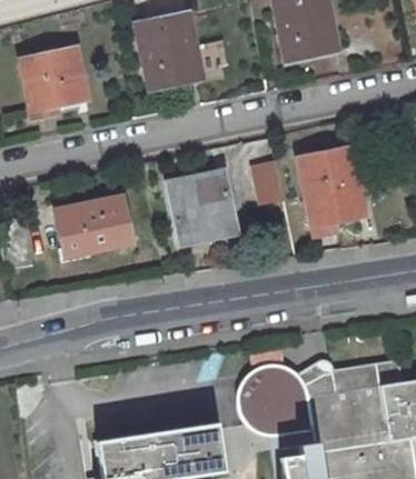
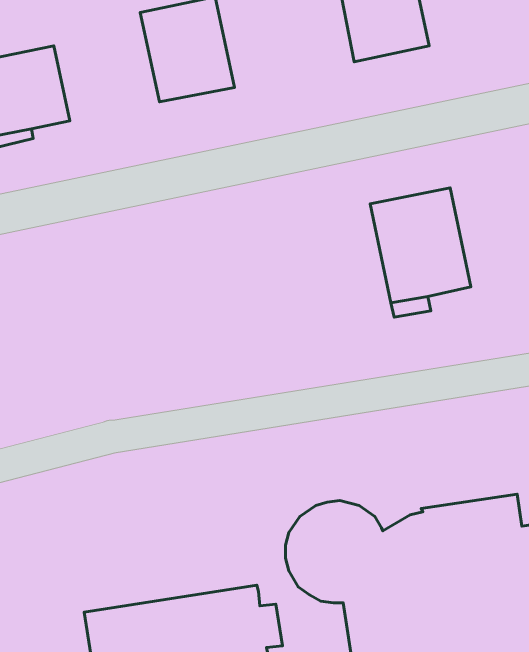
building: [254,162,285,206] -> none
building: [169,172,232,238] -> none
building: [57,197,132,258] -> none

